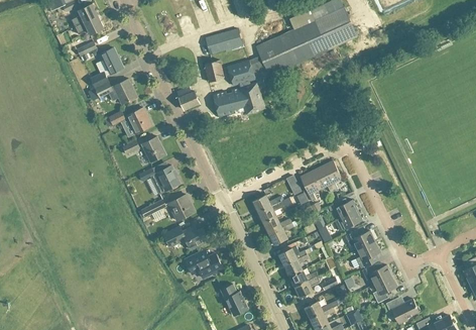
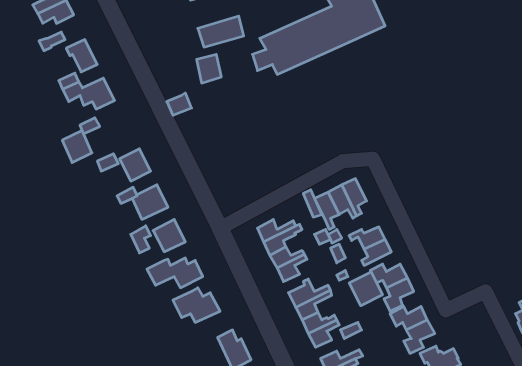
building: [213,60,265,117] -> none
building: [127,107,151,133] -> [62,130,92,163]
building: none -> [349,272,382,306]

